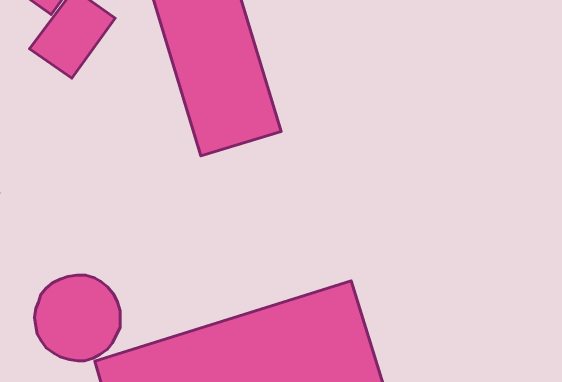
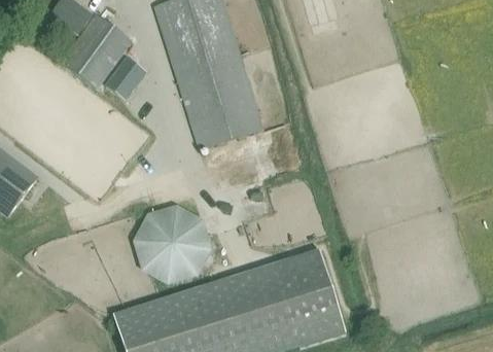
building: none -> [103,56,145,100]
building: [35,275,120,361] -> [137,210,206,279]

